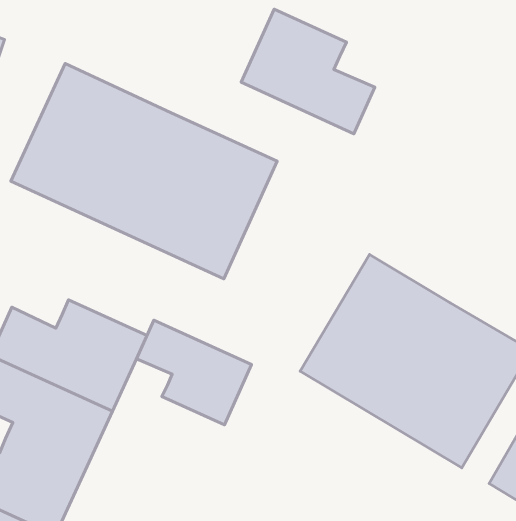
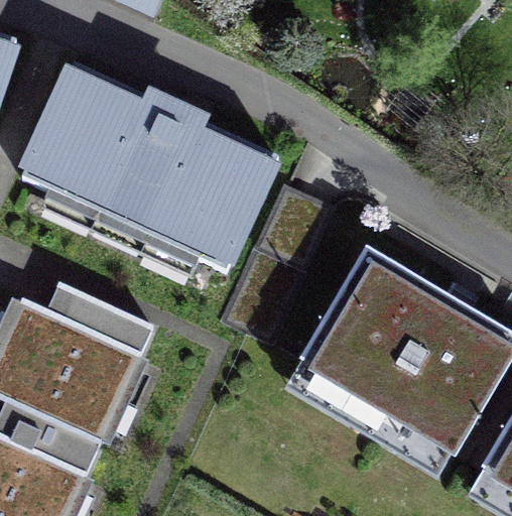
building: [241,9,375,134] -> none
building: [137,320,251,425] -> none

